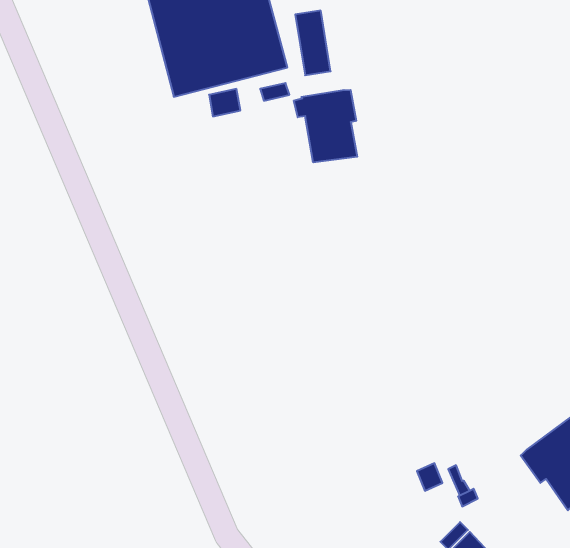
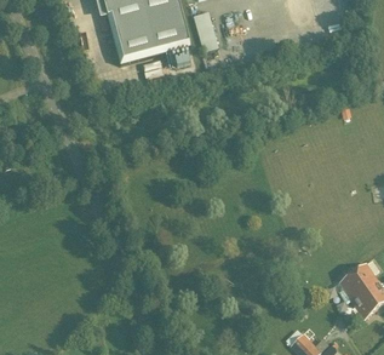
building: [294,90,357,162] -> none

